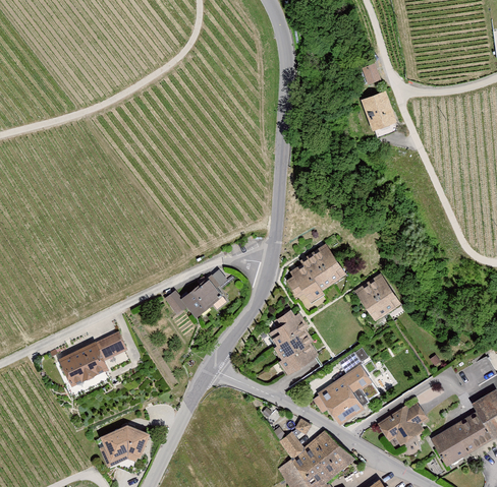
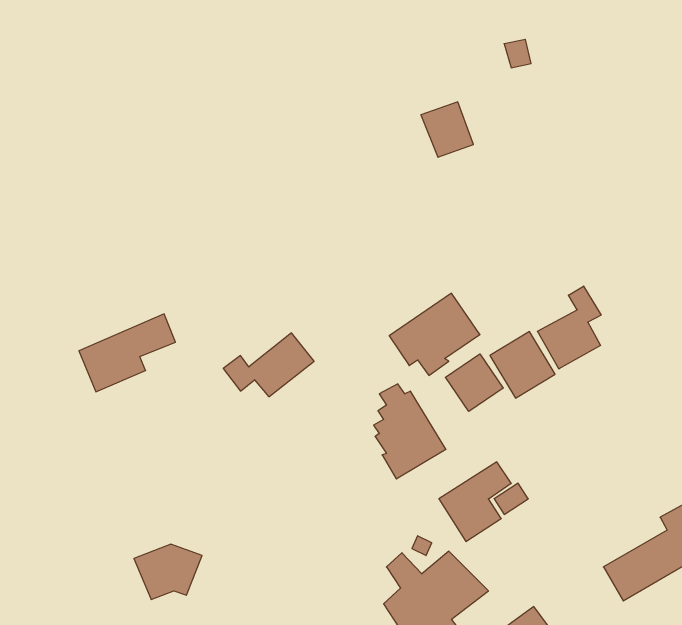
building: [360,92,397,131] -> [421,102,473,157]
building: none -> [537,286,601,369]
building: none -> [445,354,503,411]
building: [55,331,124,387] -> [79,314,175,392]
building: [373,402,425,447] -> none

